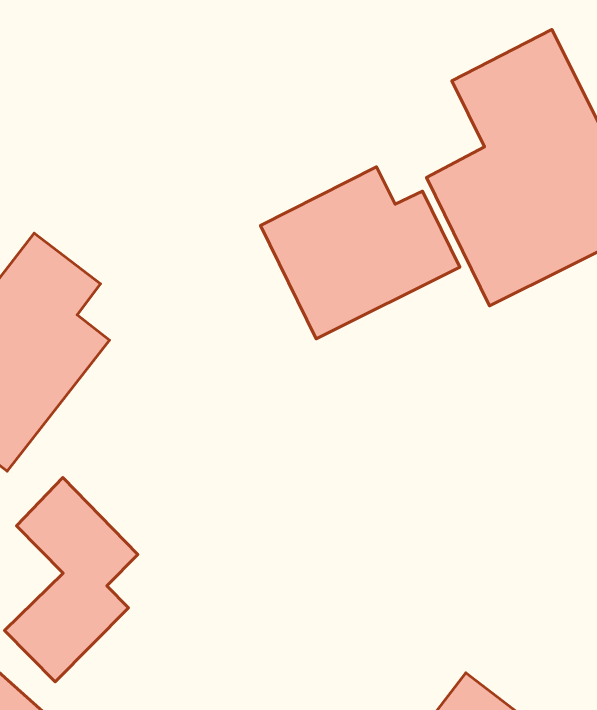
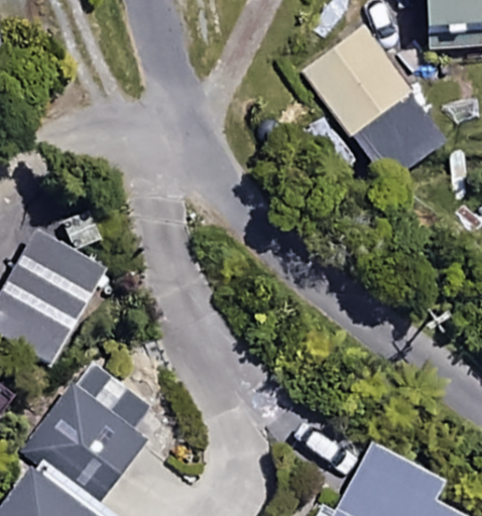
building: [260,167,460,339] -> none

